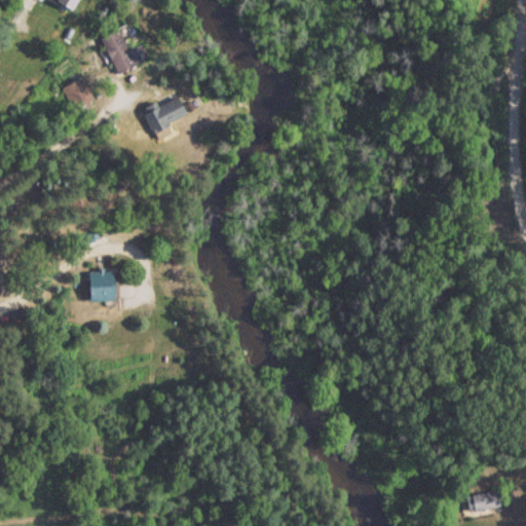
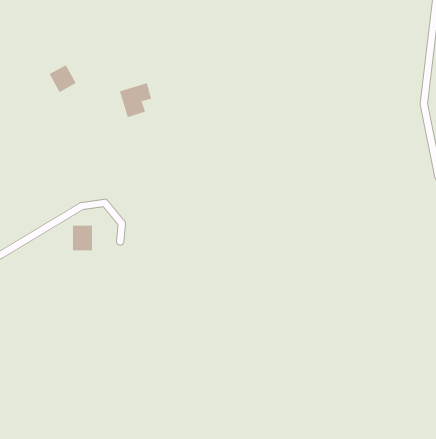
building: [100,28,139,76] -> none
building: [467,491,498,510] -> none

